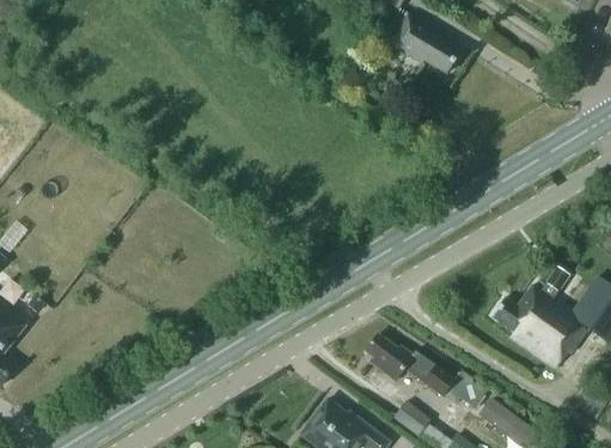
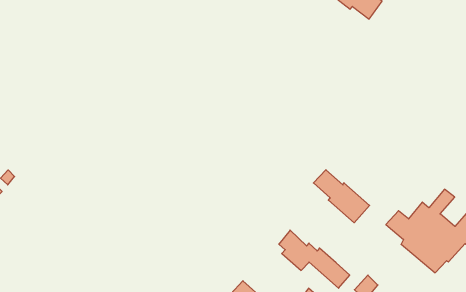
building: none -> [313,170,370,223]

